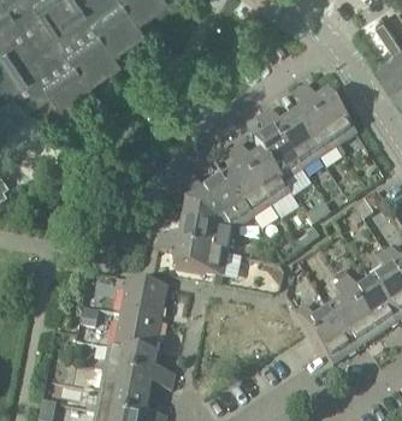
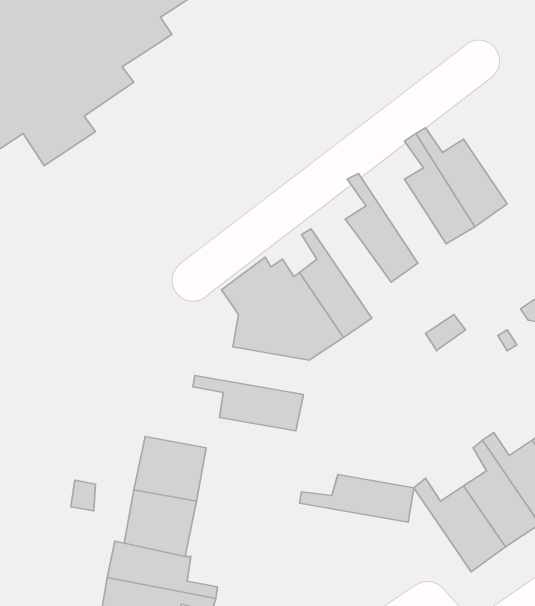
building: [264,107,319,168] -> none
building: [233,142,291,203] -> none
building: [160,221,232,251] -> [300,475,414,522]

